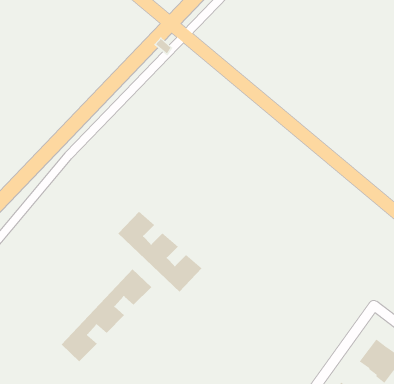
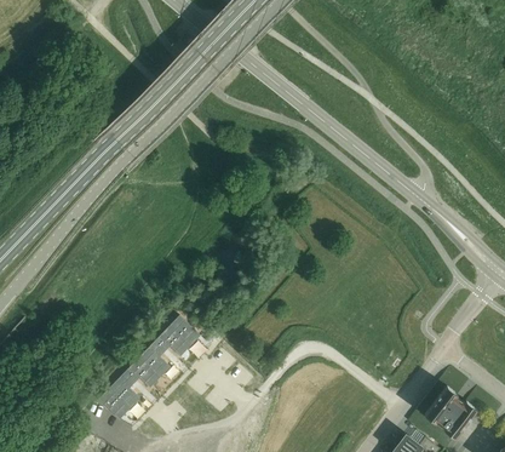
building: [117,211,202,292] -> none

